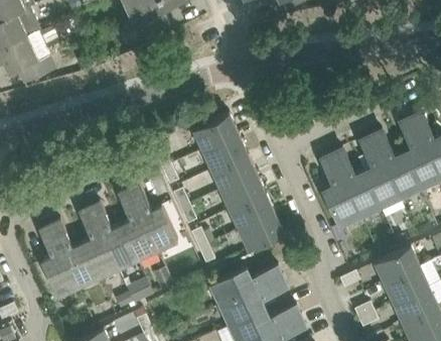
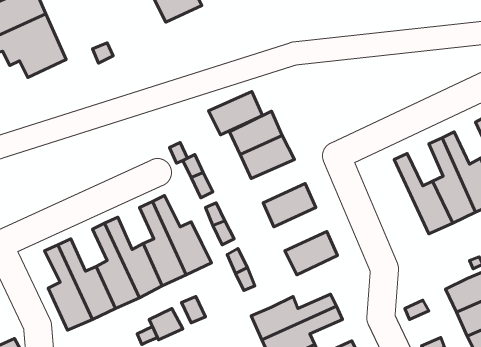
building: [211,154,257,191] -> [209,92,263,135]
building: [321,154,360,227] -> none
building: [231,195,275,231] -> none

